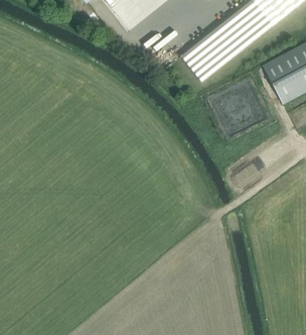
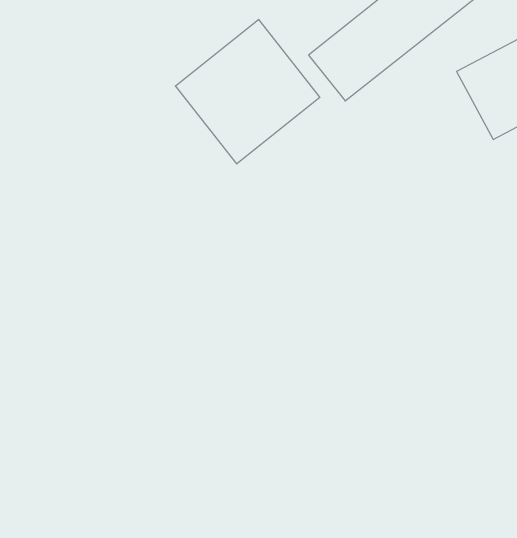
building: none -> [175,19,320,164]

